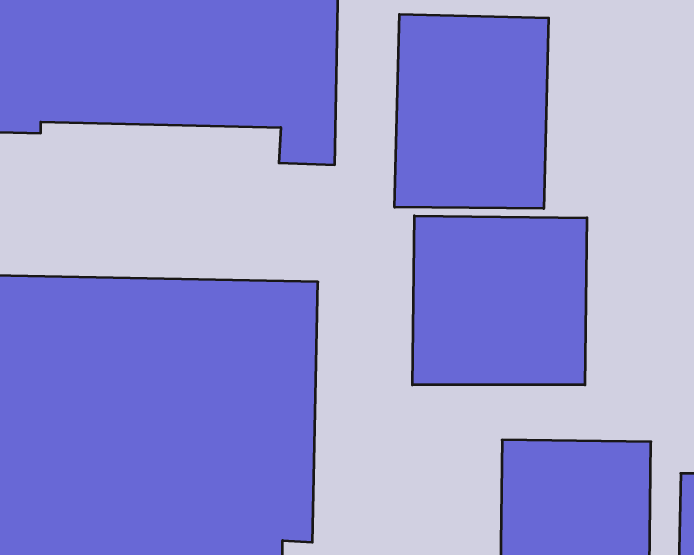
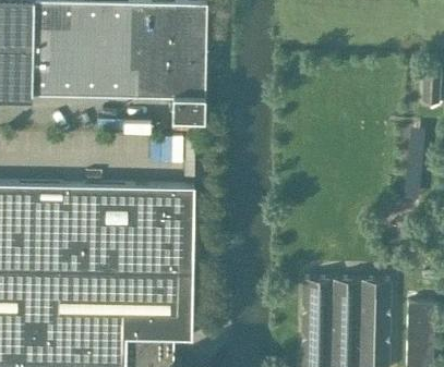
building: [395,14,549,209] -> none
building: [412,216,587,385] -> none

